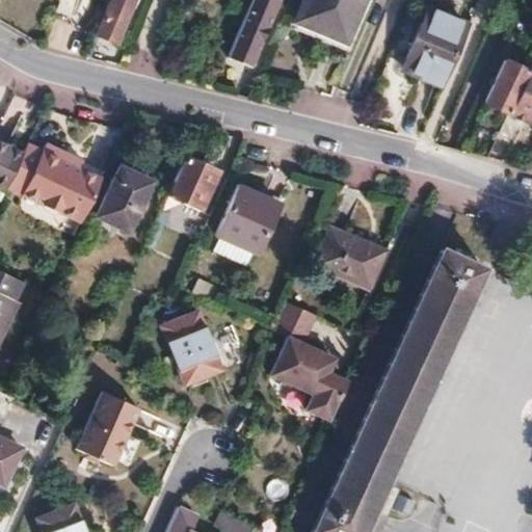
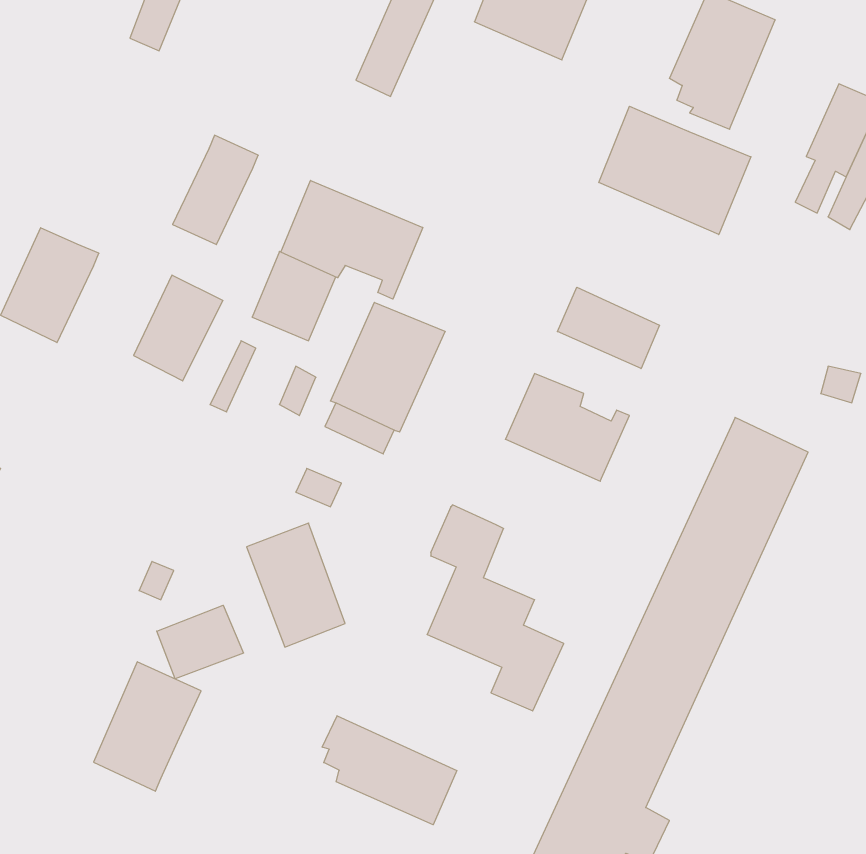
building: none -> [599,106,751,235]
building: none -> [281,180,423,299]
building: [59,157,108,219] -> [173,135,258,245]
building: none -> [557,287,659,369]
building: none -> [157,605,243,679]
building: none -> [322,716,457,825]

